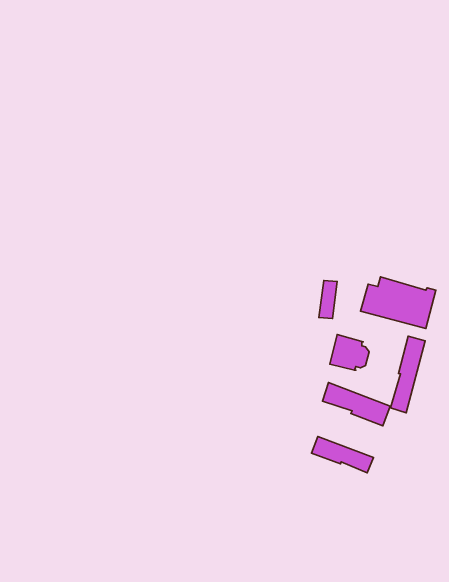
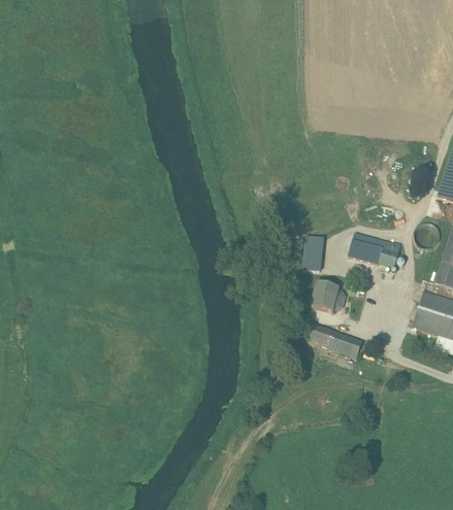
building: [391,336,425,413] -> none
building: [312,436,374,473] -> none

